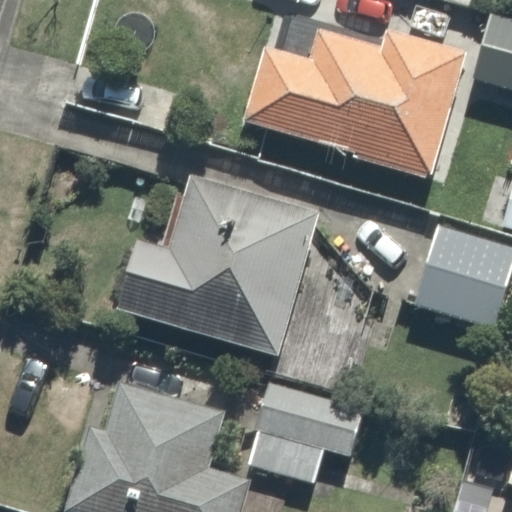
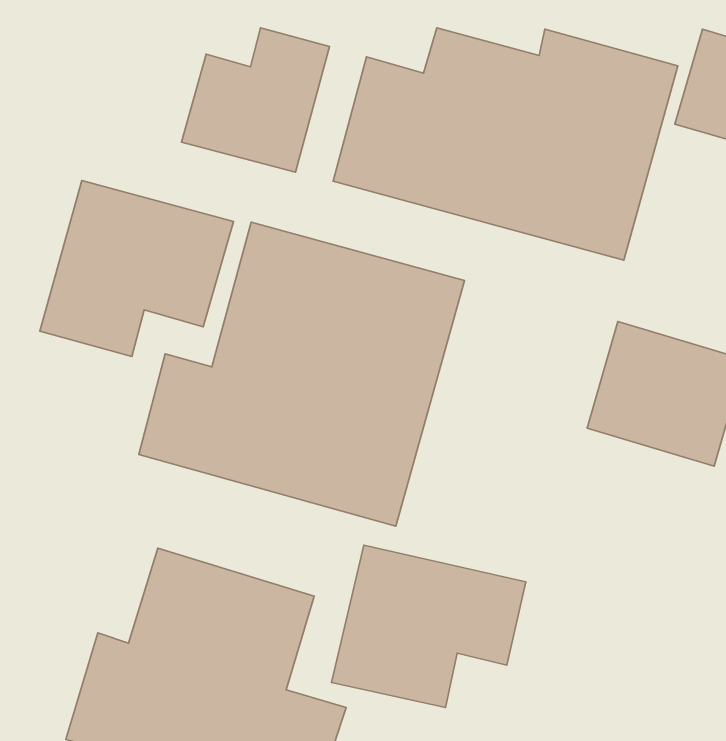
building: none -> [181,28,330,172]
building: none -> [40,180,234,356]

